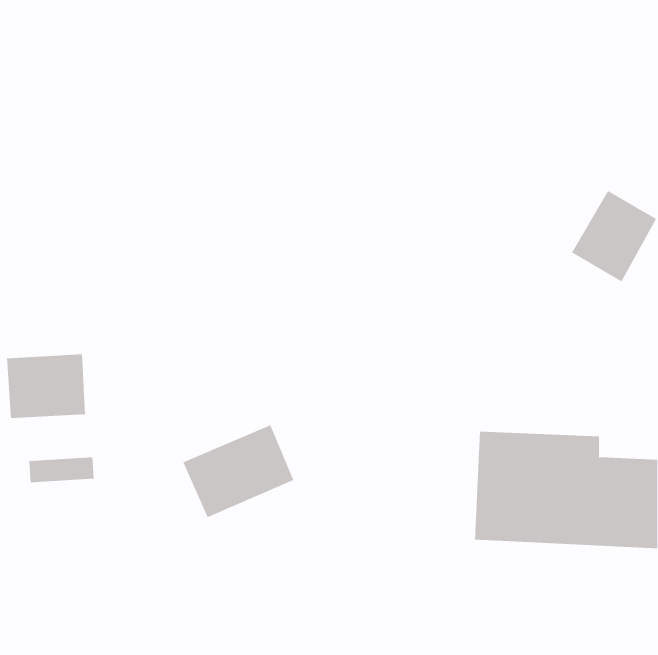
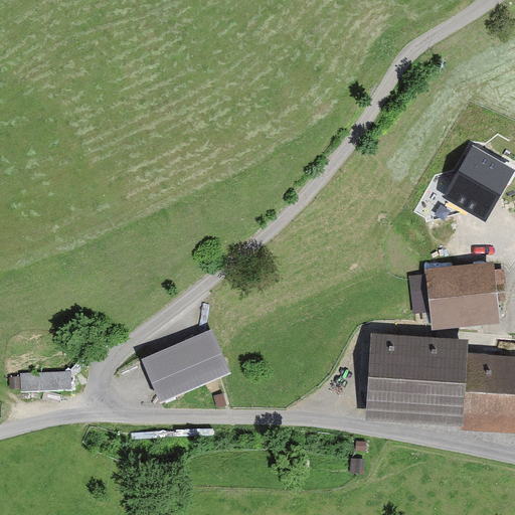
building: none -> [426,263,499,323]
building: [7,353,86,419] -> none

